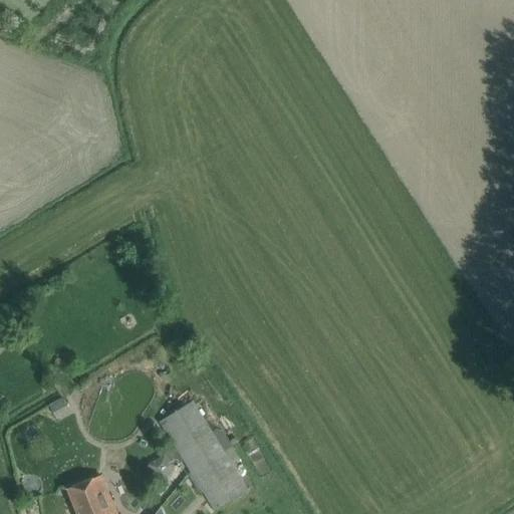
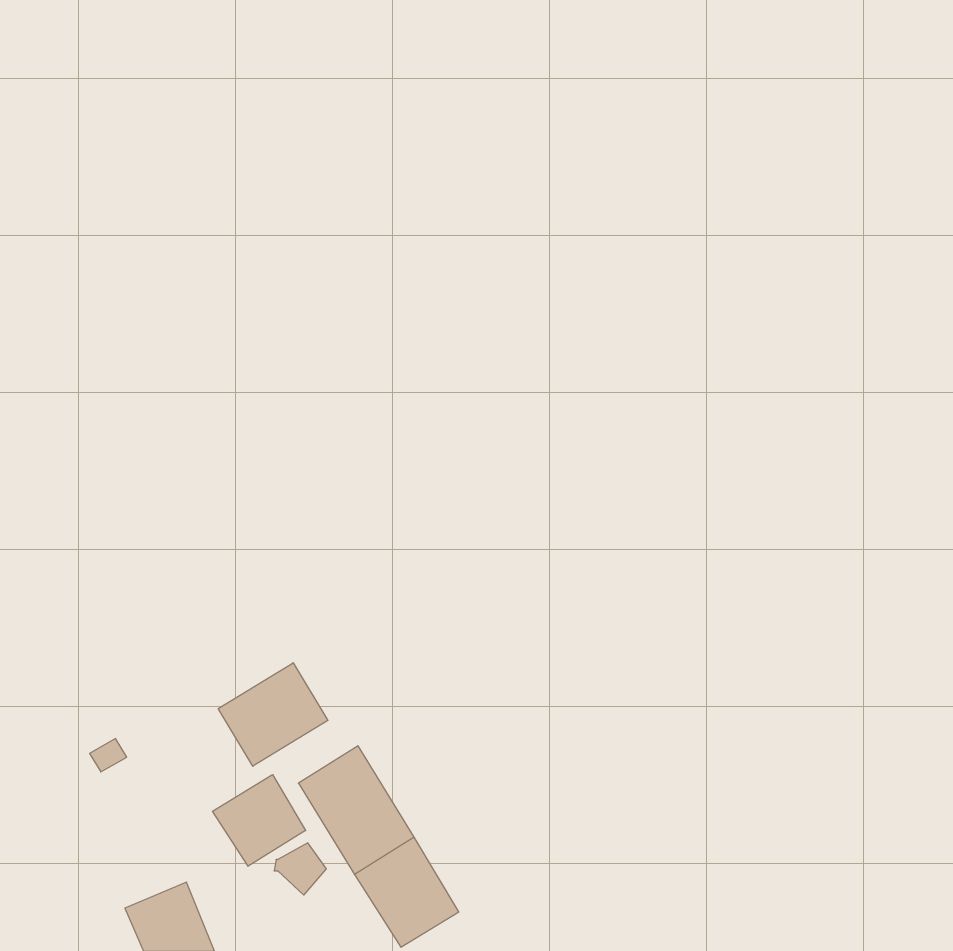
building: none -> [218,663,328,766]
building: none -> [213,775,306,866]

